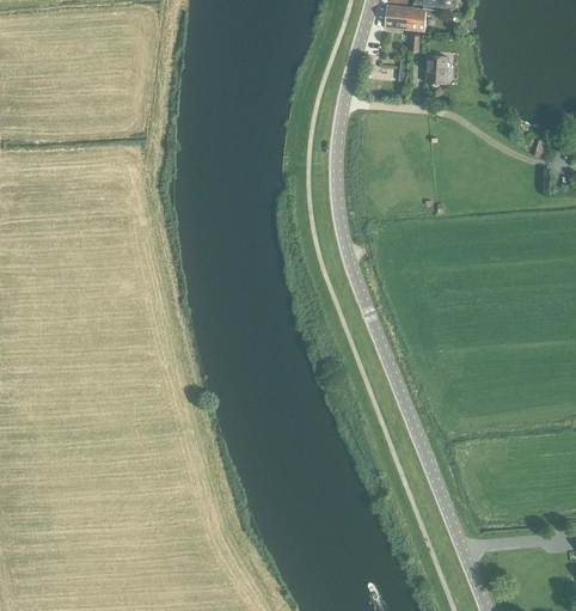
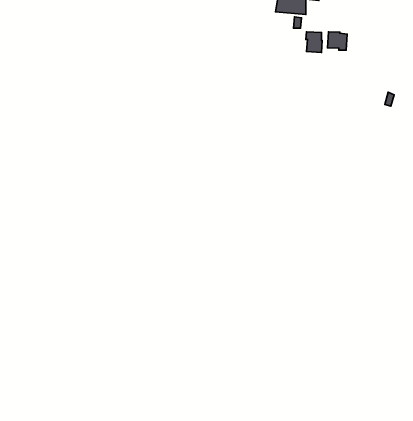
building: none -> [328,32,347,50]

